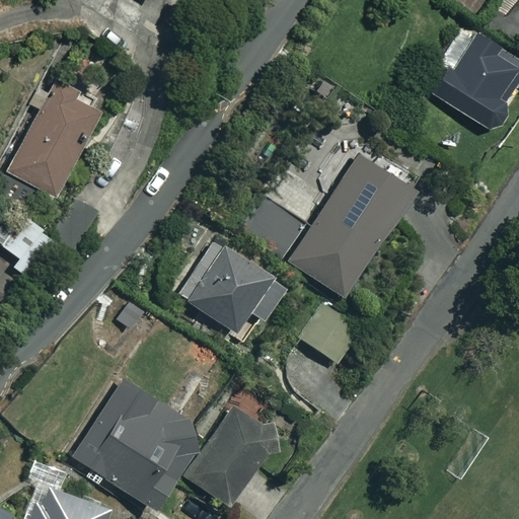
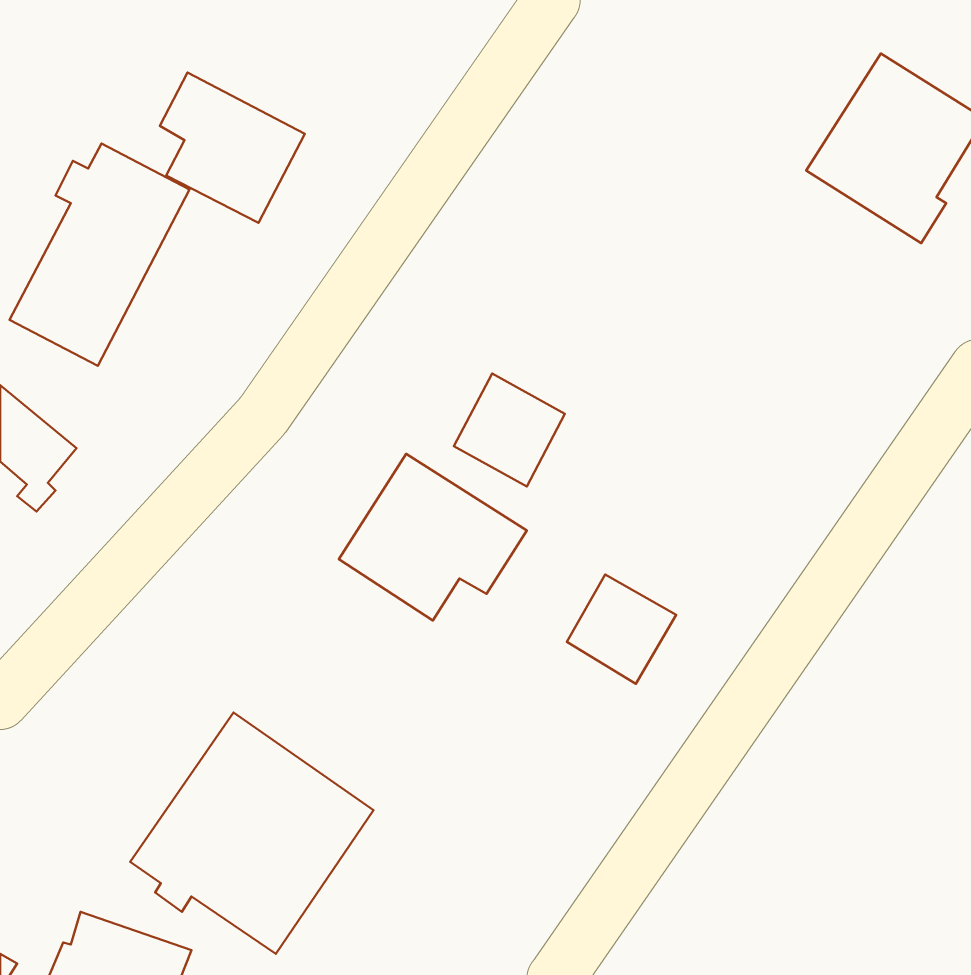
building: none -> [160,72,305,223]
building: [288,153,415,301] -> none
building: [187,403,276,504] -> none

